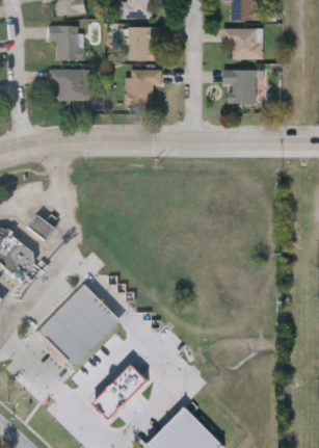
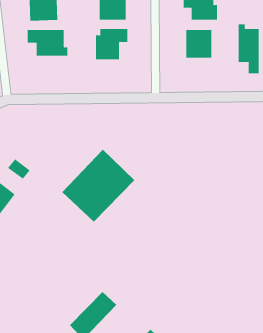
building: none -> [238,24,259,74]
building: [36,285,119,368] -> [61,149,135,222]

